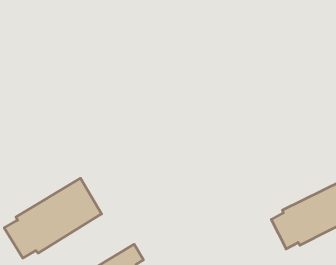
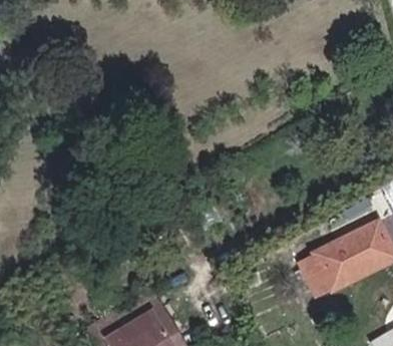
building: [4,178,102,258] -> none

